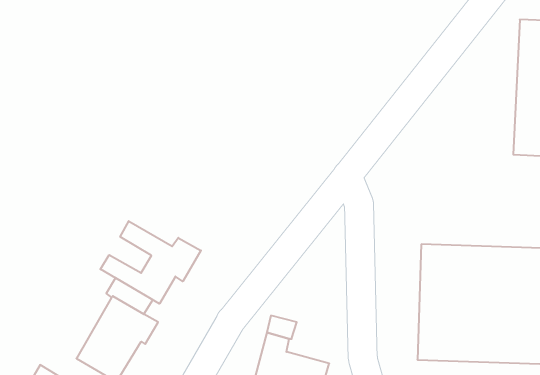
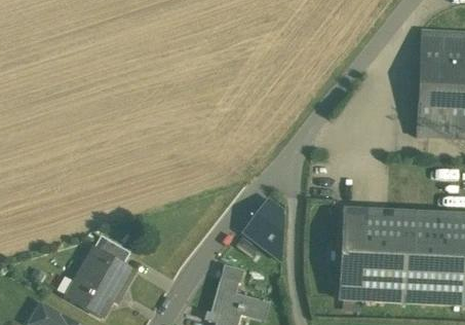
building: [100,221,201,304] -> none
building: none -> [244,198,284,260]

